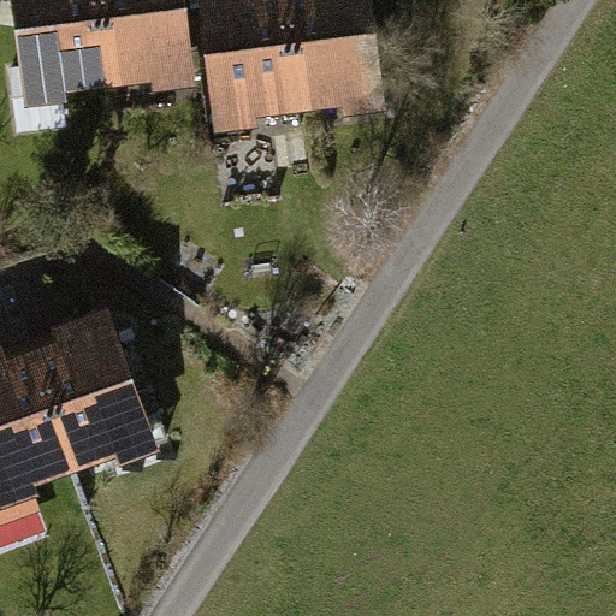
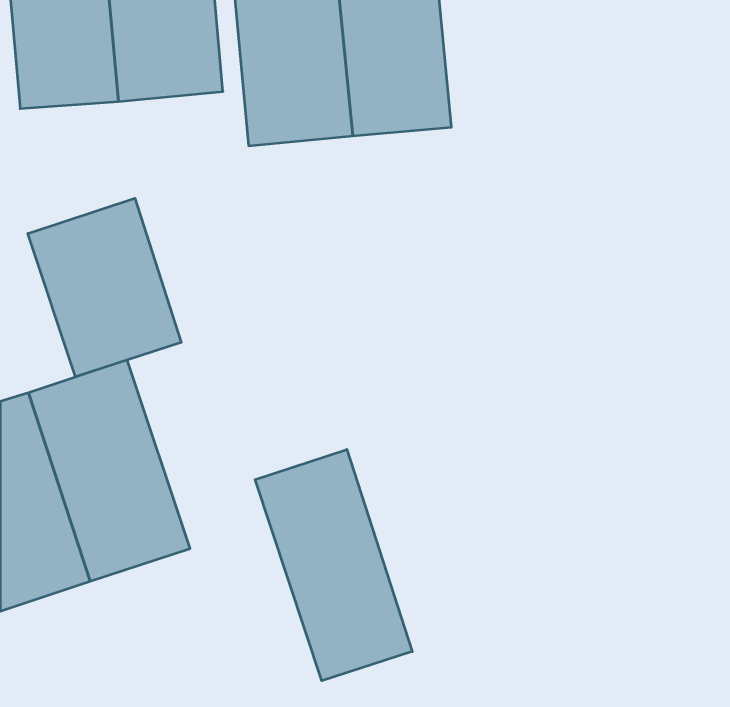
building: none -> [28,198,181,377]
building: none -> [255,449,412,681]

